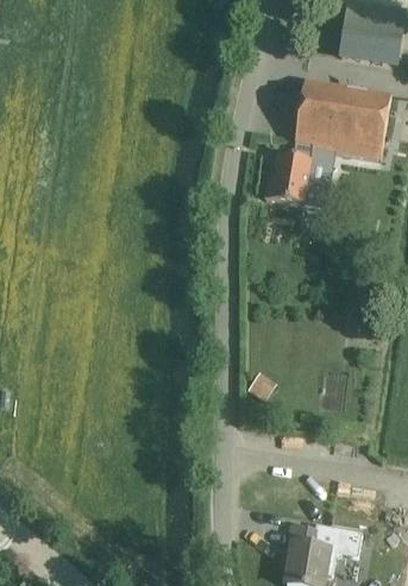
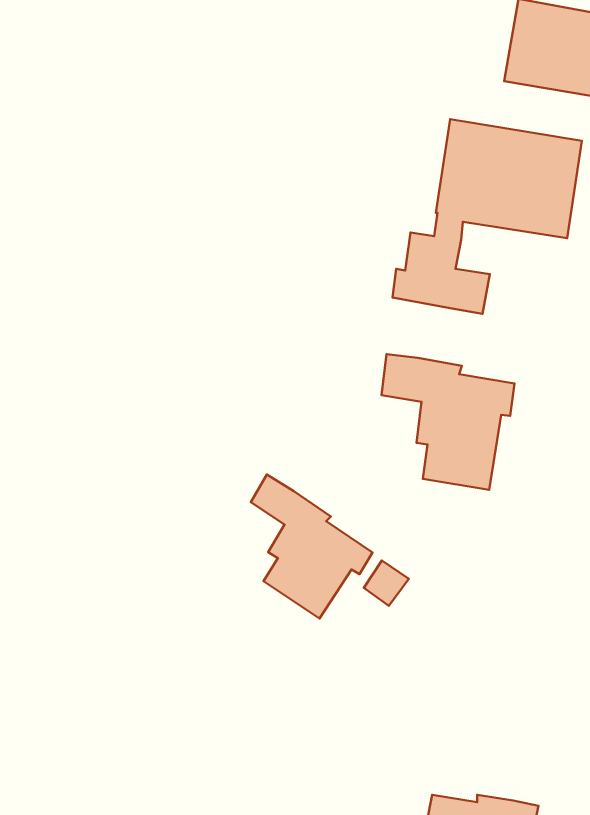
building: none -> [381,354,514,490]
building: none -> [251,475,373,618]

